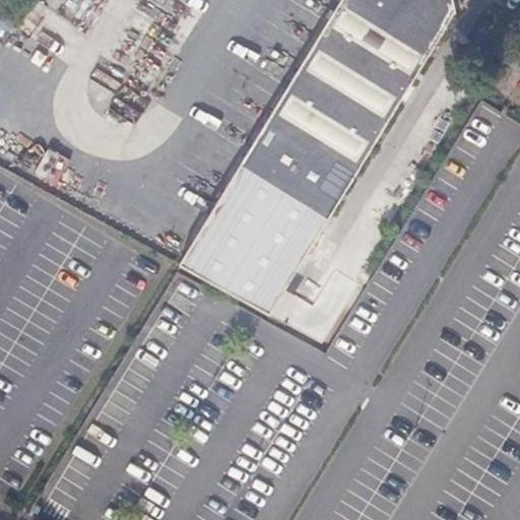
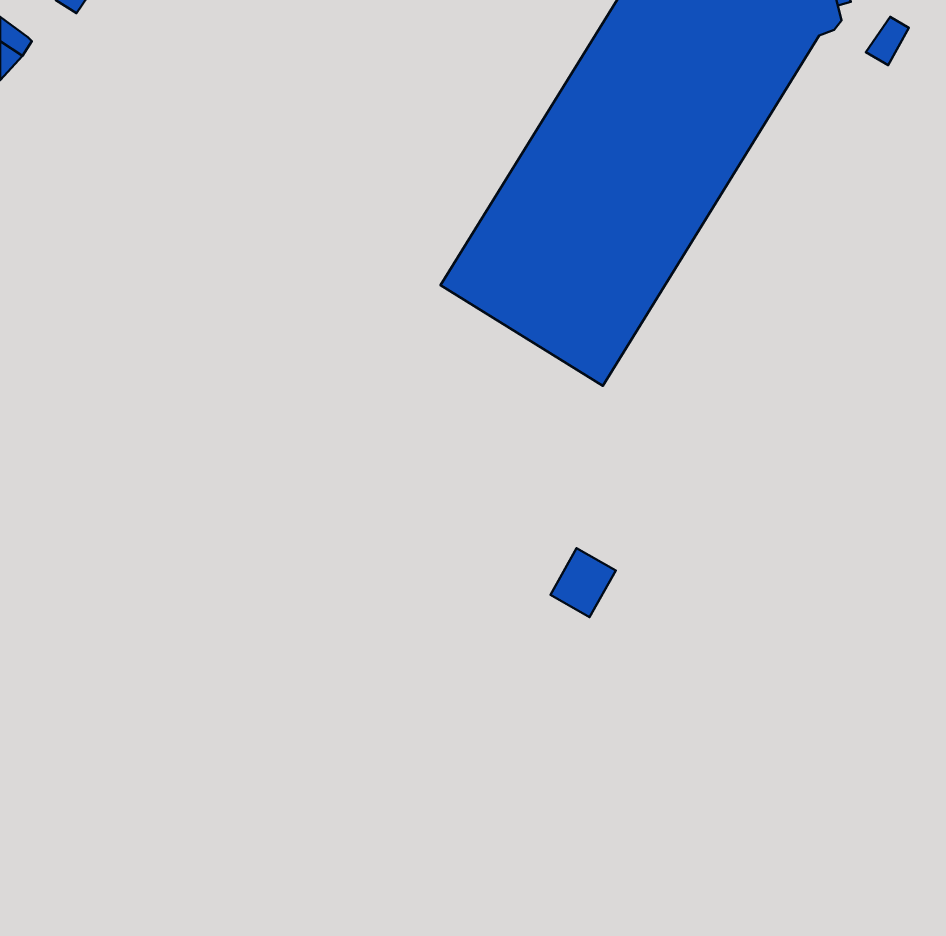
building: [181,155,332,314] -> none

